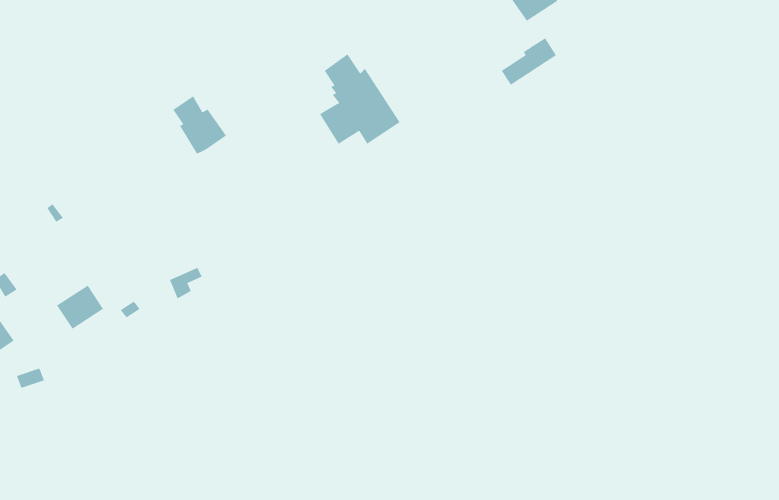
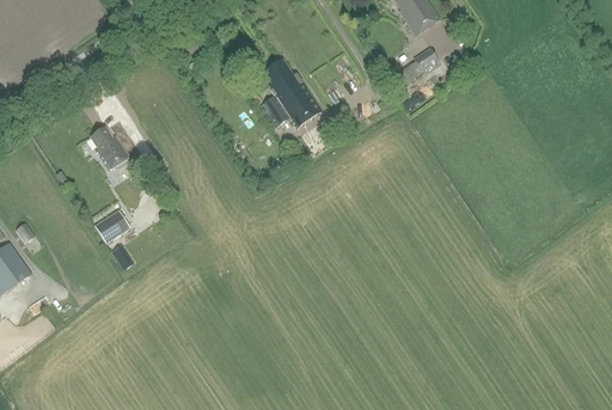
building: [173,96,227,155] -> [88,126,129,170]
building: [56,285,104,329] -> [93,209,129,243]

